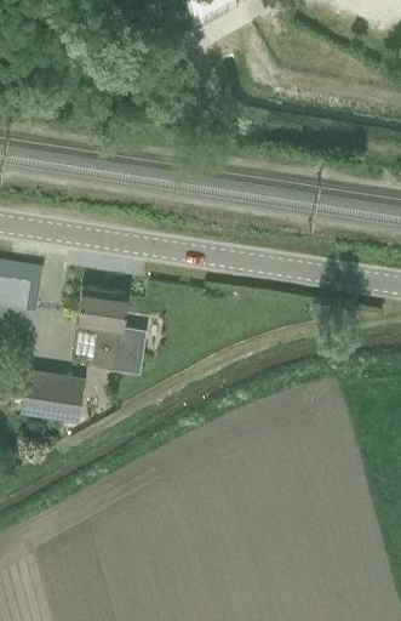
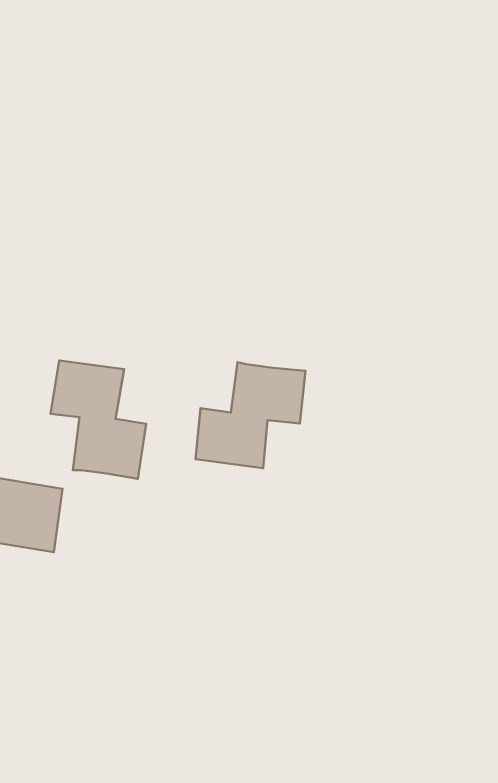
building: none -> [196,362,305,468]

